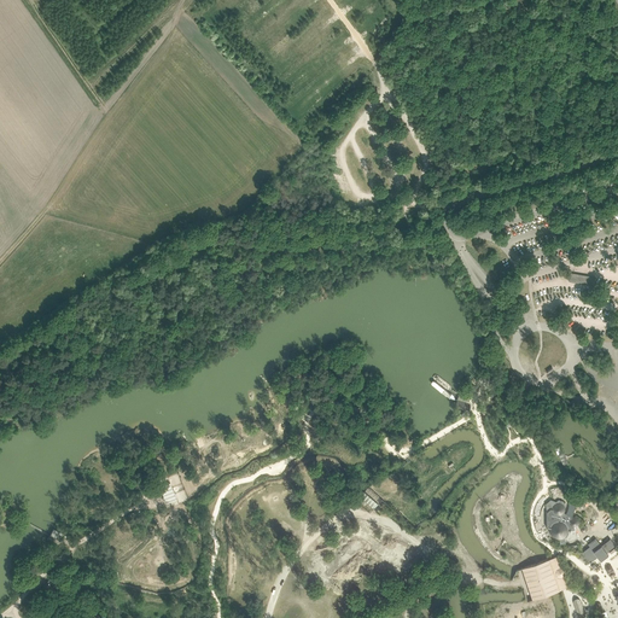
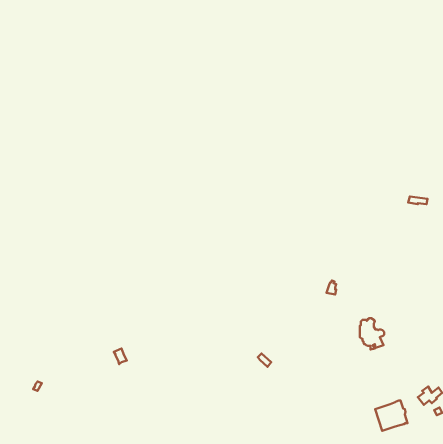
building: [544,500,578,543] -> [360,318,384,349]

